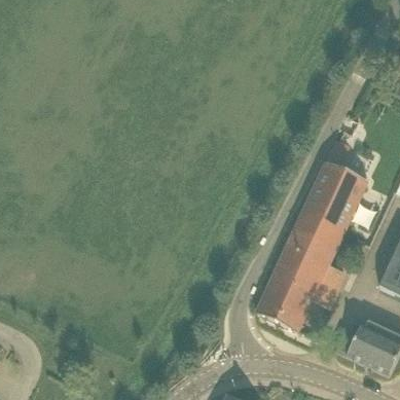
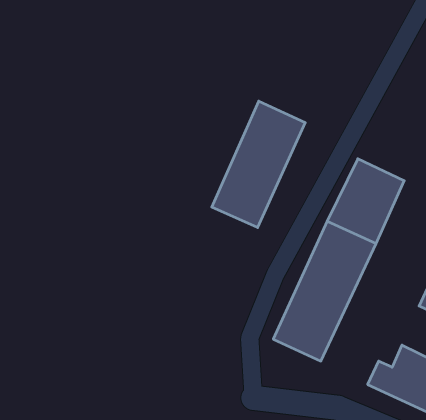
building: none -> [212,101,305,228]

